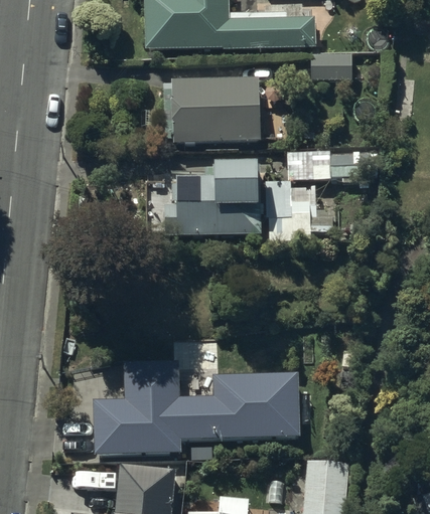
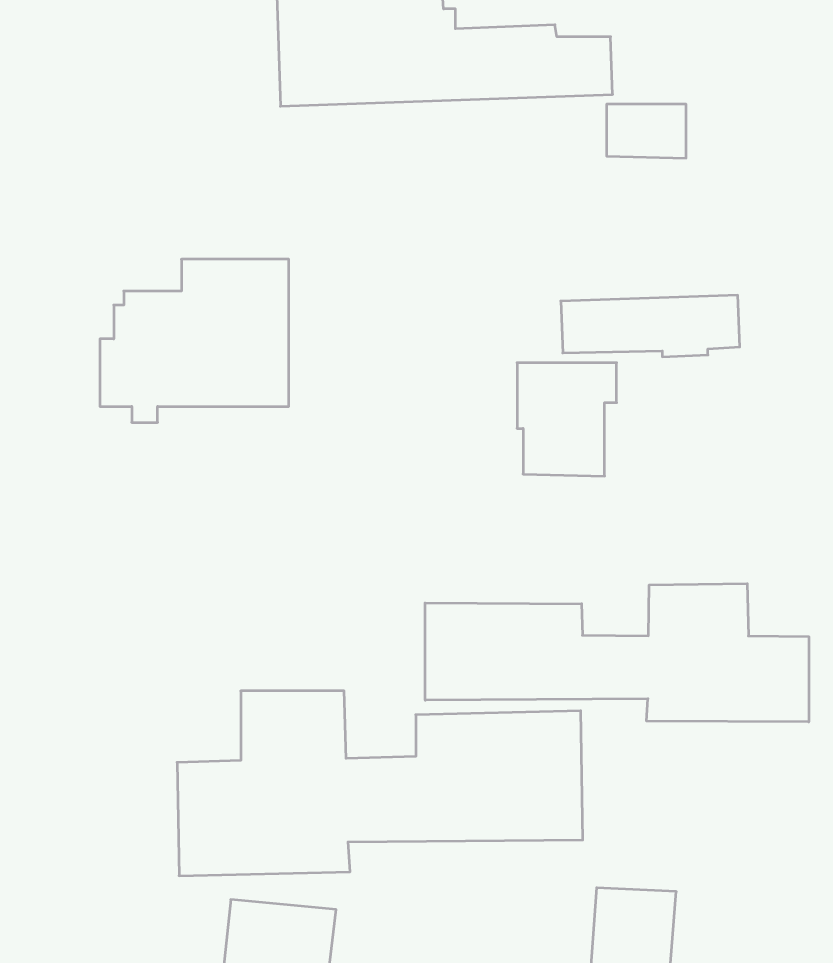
building: [163,81,261,148] -> none
building: [164,164,260,246] -> [100,259,289,422]
building: none -> [425,584,809,722]

